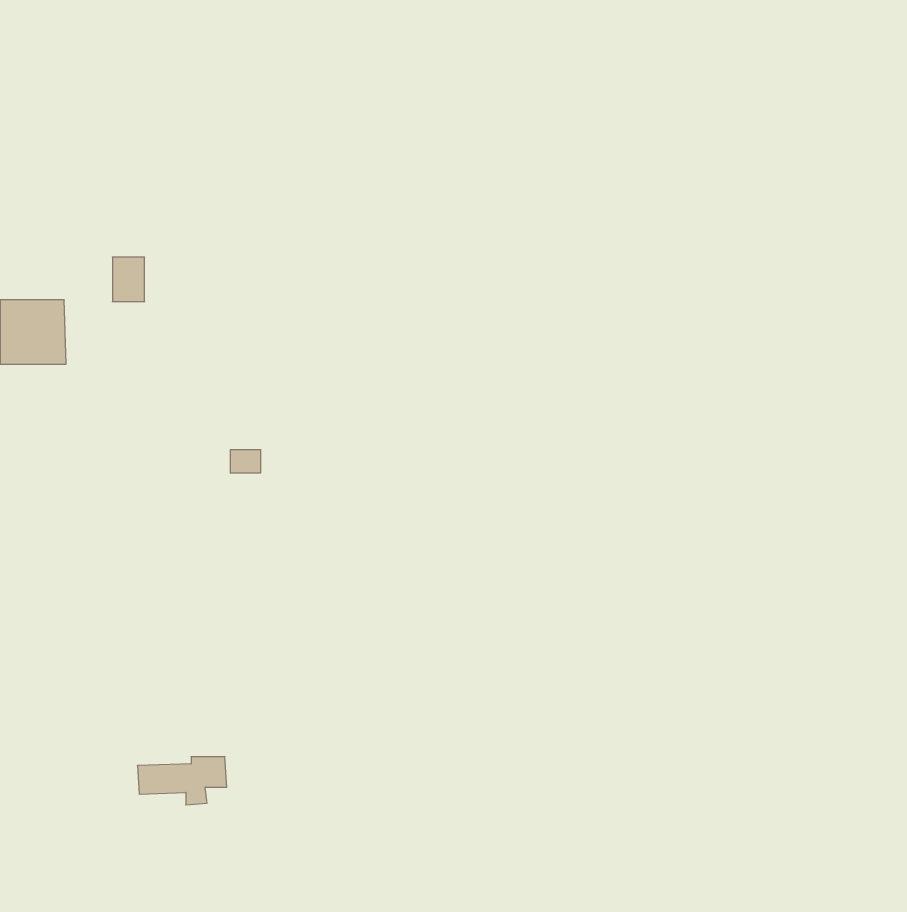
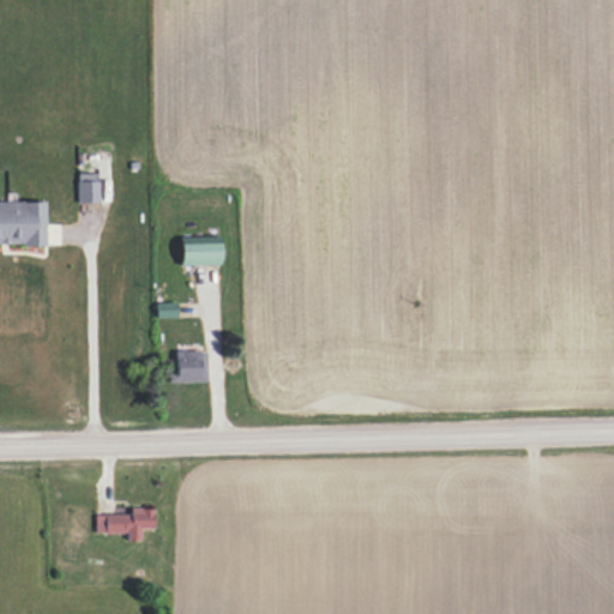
building: none -> [181,236,222,265]
building: none -> [176,350,209,383]

